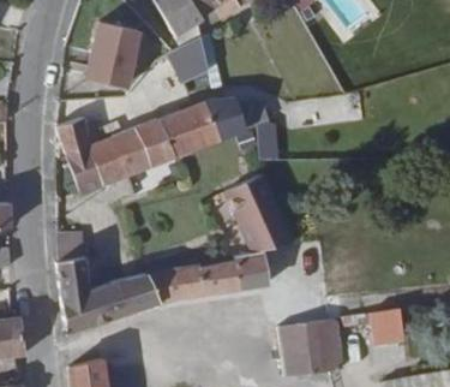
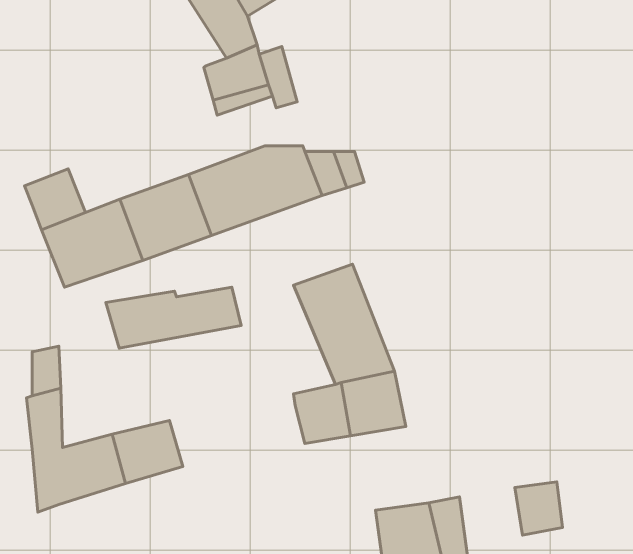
building: [91,19,139,82] -> none
building: [148,264,233,303] -> [106,287,241,348]

